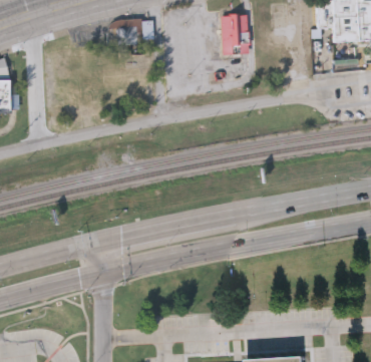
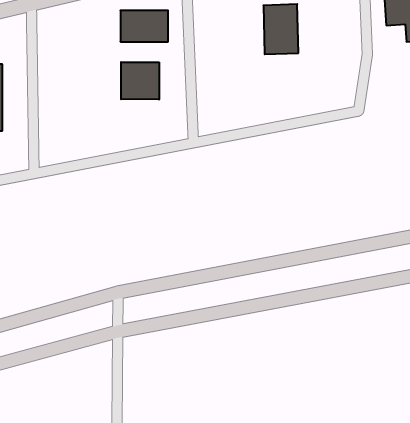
building: none -> [121,62,159,100]

